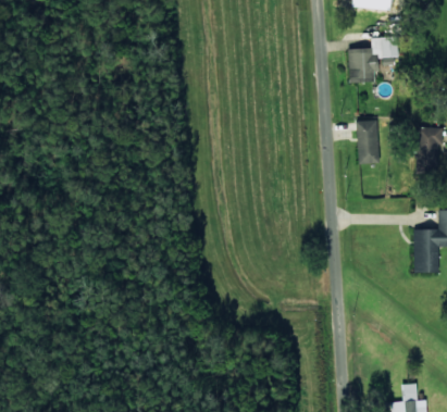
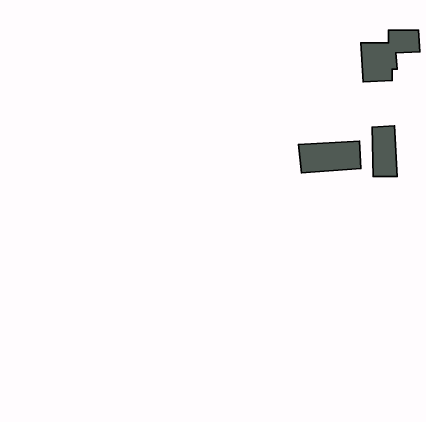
building: none -> [299,141,361,173]

